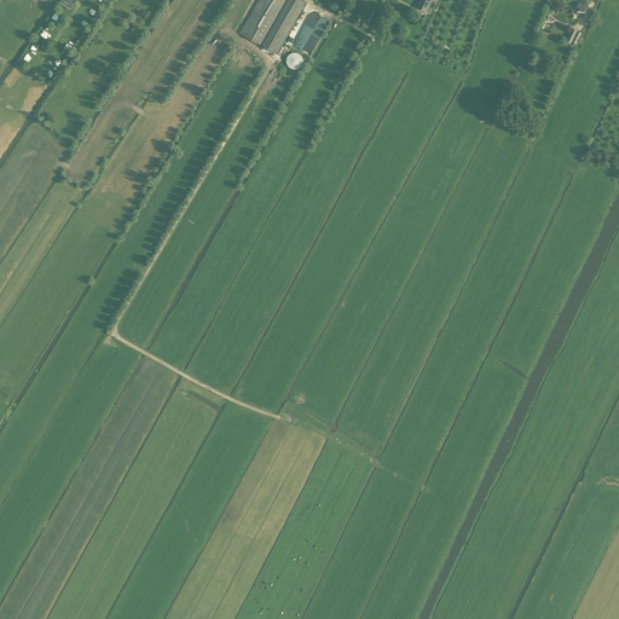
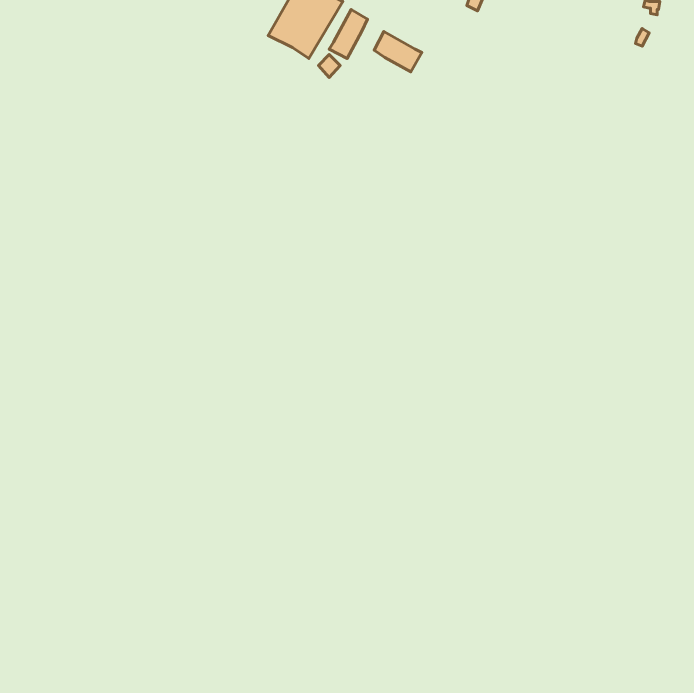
building: none -> [374,32,422,72]

